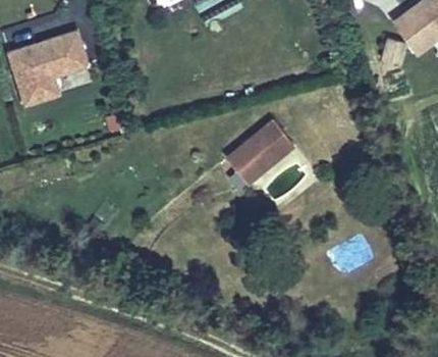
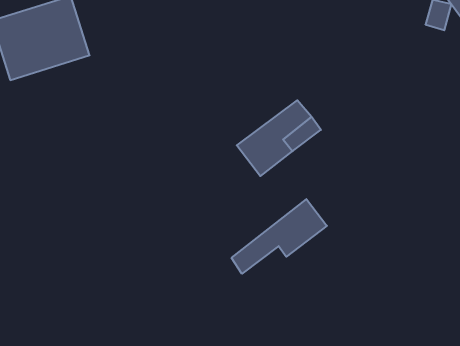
building: none -> [232,199,327,274]

